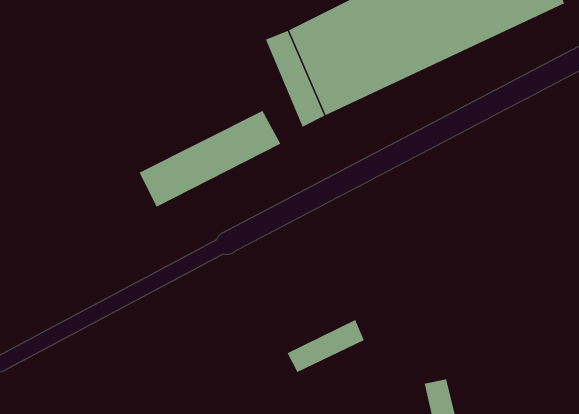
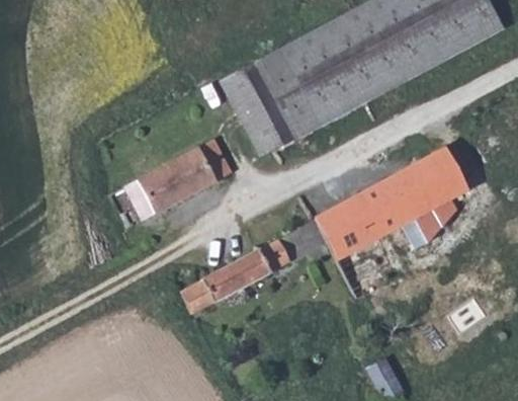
building: none -> [179,155,465,312]
building: [287,319,364,373] -> none

